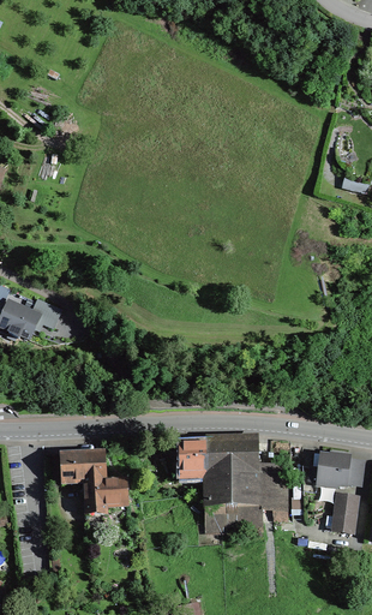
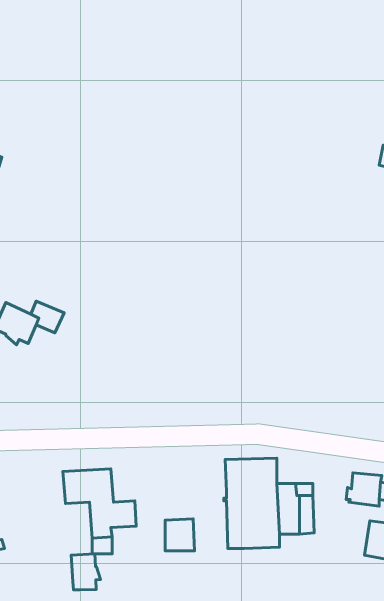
building: [181,443,208,472] -> [165,519,194,551]
building: none -> [71,554,101,590]

